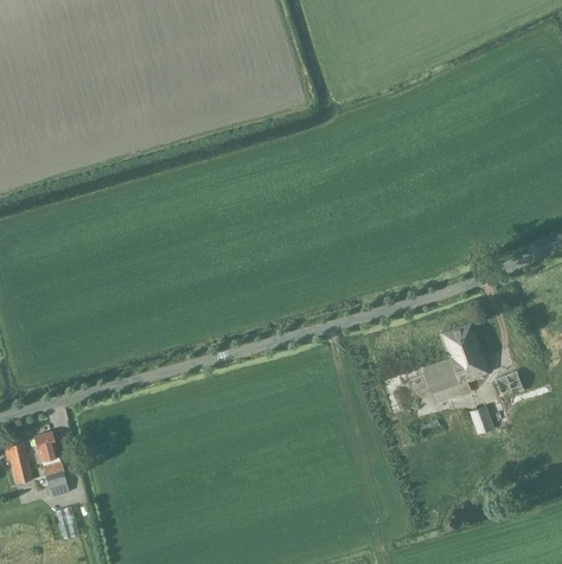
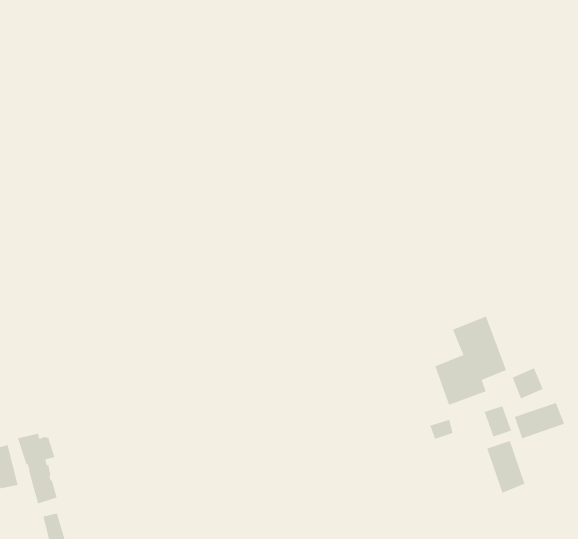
building: none -> [514,402,565,439]
building: none -> [486,440,525,493]

